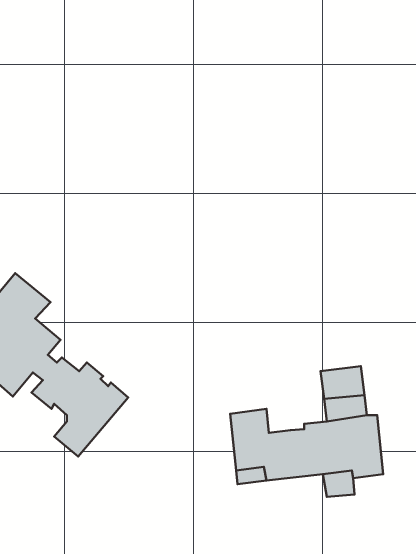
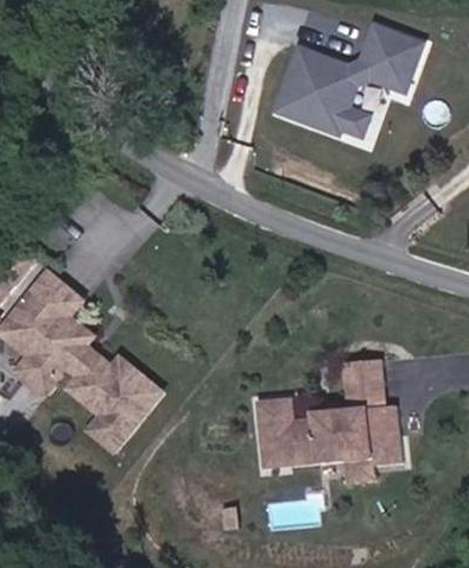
building: none -> [255,24,413,140]

